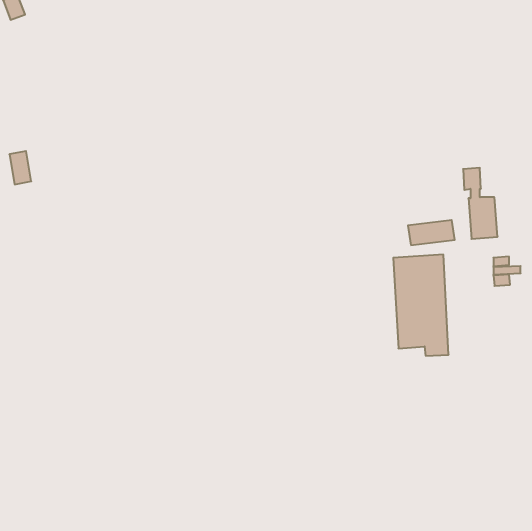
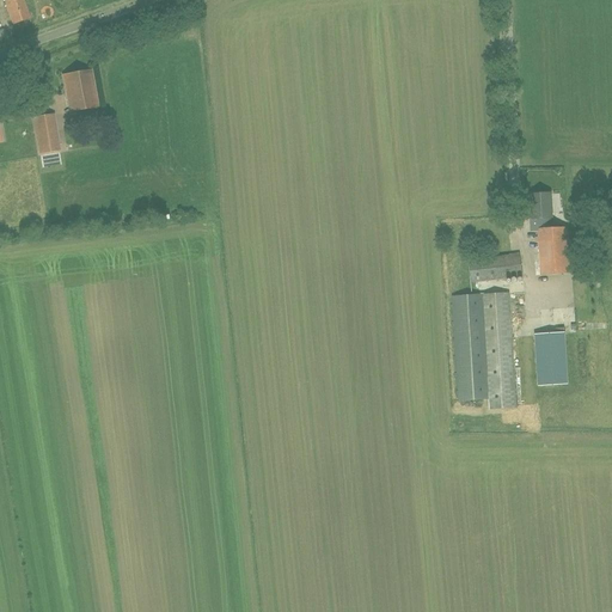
building: none -> [62,68,97,110]
building: [9,151,31,184] -> [33,114,59,152]
building: none -> [534,331,565,384]

